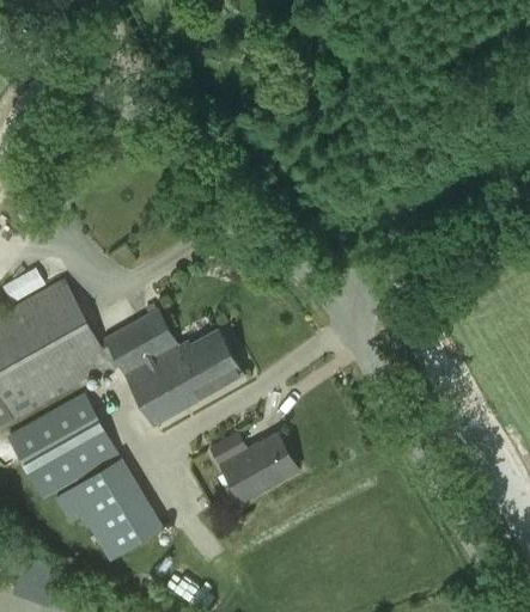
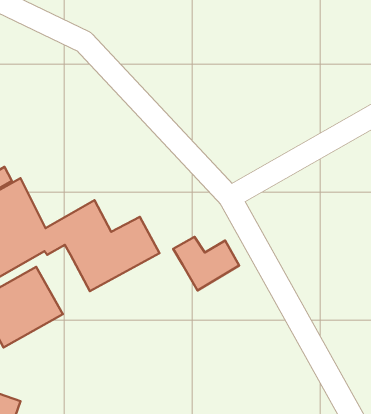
building: [209,432,294,501] -> [173,237,239,290]
building: [55,460,163,556] -> none

